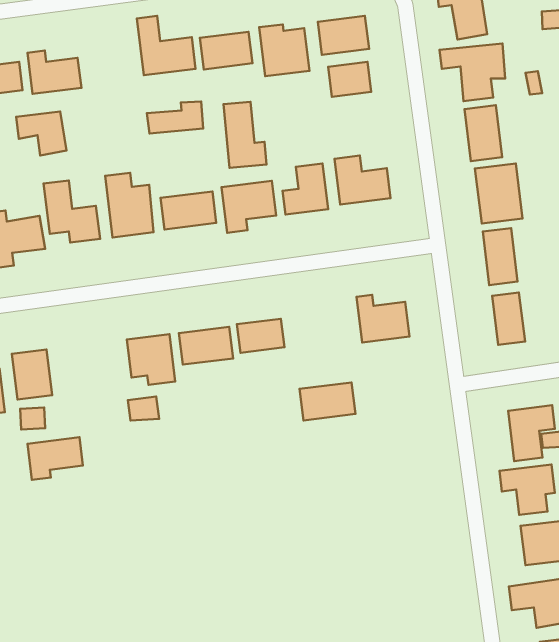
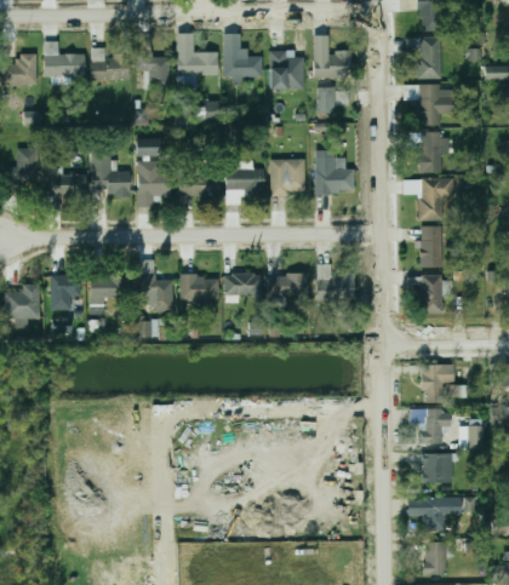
building: [224,102,266,168] -> none
building: [16,111,67,155] -> [136,55,171,86]
building: [300,382,355,420] -> [268,273,308,297]
building: [27,437,83,480] -> [90,277,130,305]

